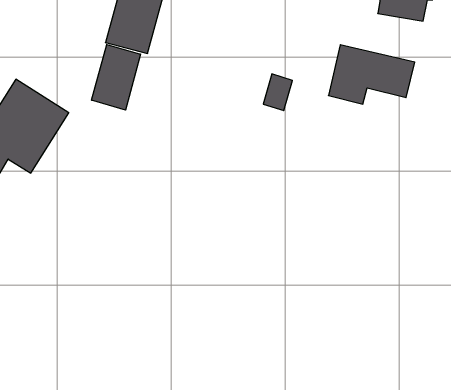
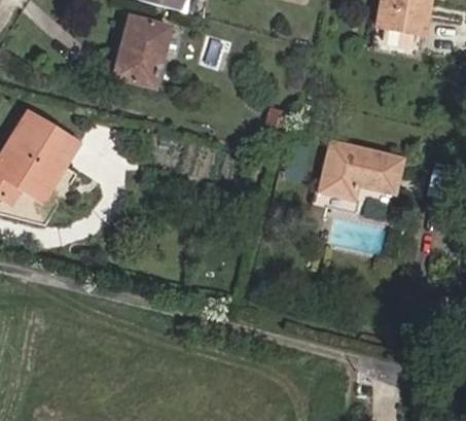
building: [92,44,141,110] -> none
building: [328,45,415,104] -> [321,141,403,198]

